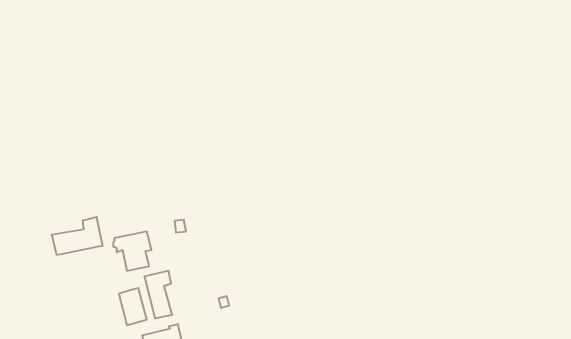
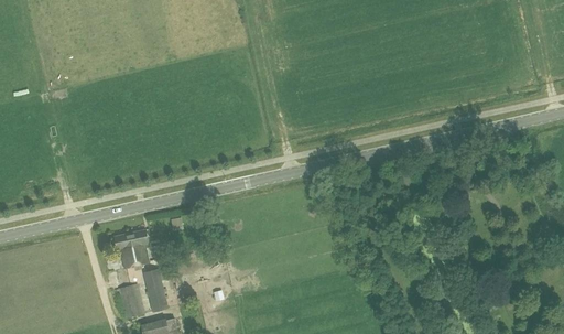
building: [52,217,103,255] -> none

